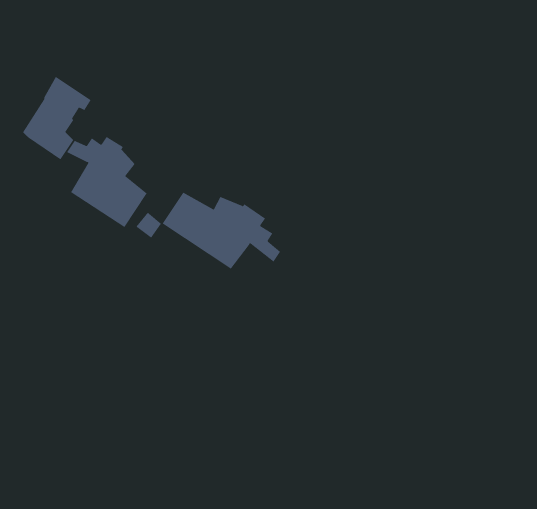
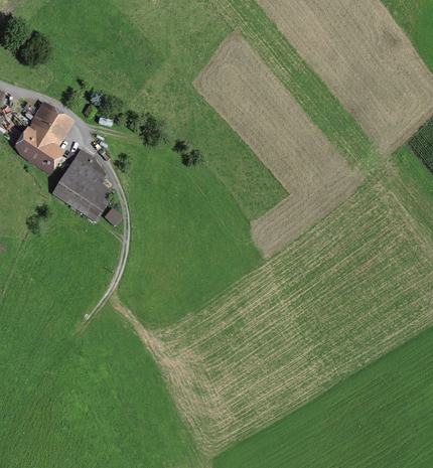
building: [162,192,281,269] -> none

